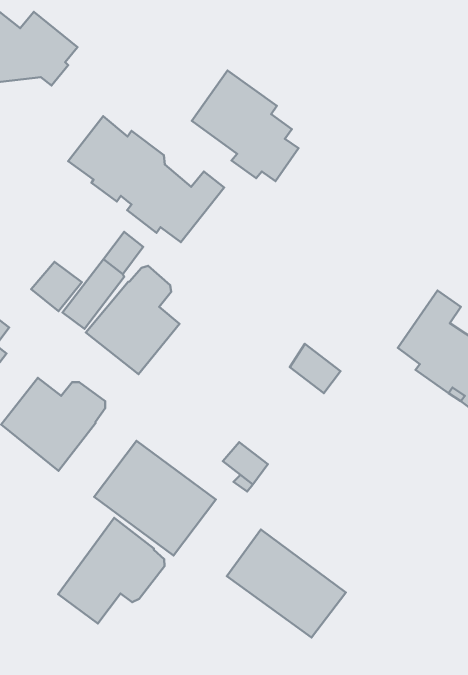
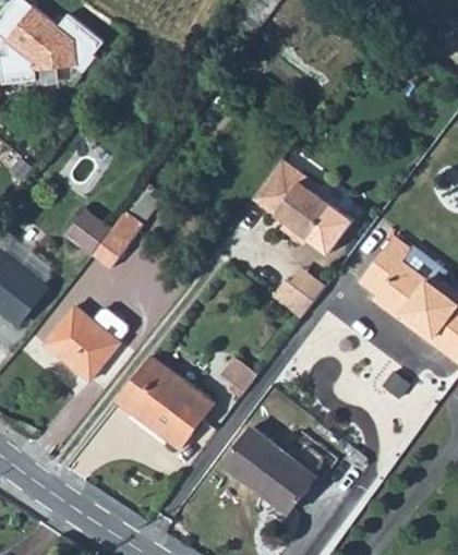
building: [192,70,299,181] -> [251,157,336,245]
building: [68,116,224,242] -> none
building: [86,266,179,374] -> none
building: [58,518,165,623] -> none

